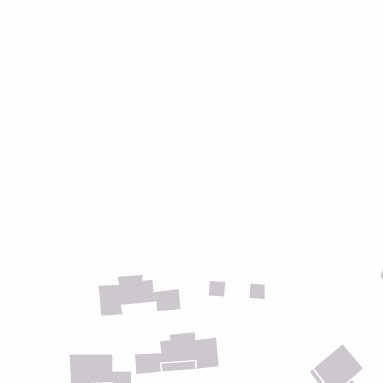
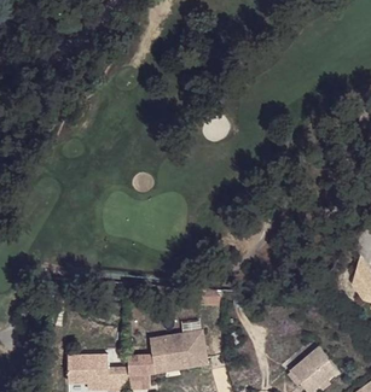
building: [98,274,181,316] -> none

